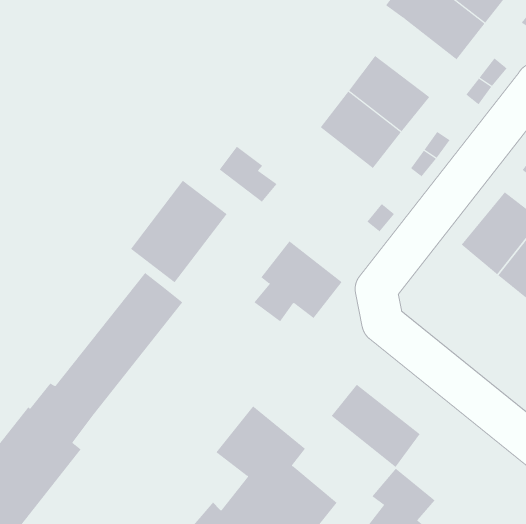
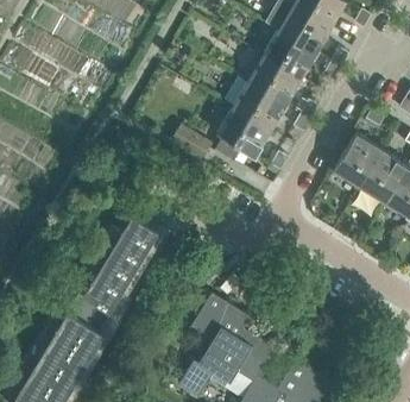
building: none -> [263,30,316,78]
building: [130,180,227,283] -> none
building: [254,240,343,322] -> [215,107,271,161]
building: [331,384,420,468] -> none

